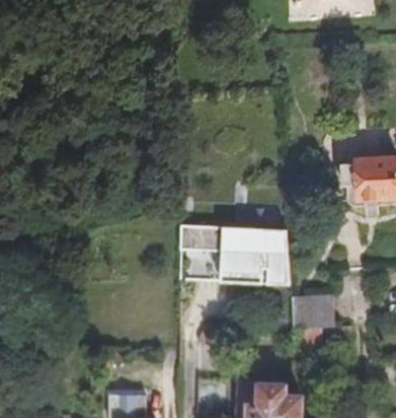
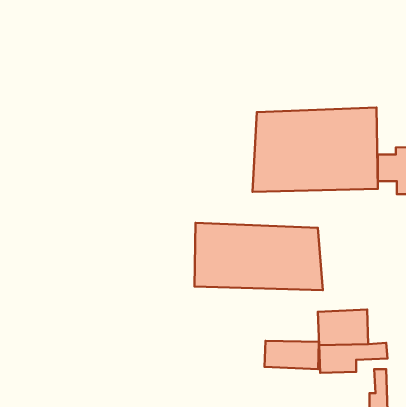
building: none -> [253,107,378,192]
building: none -> [265,341,319,369]

